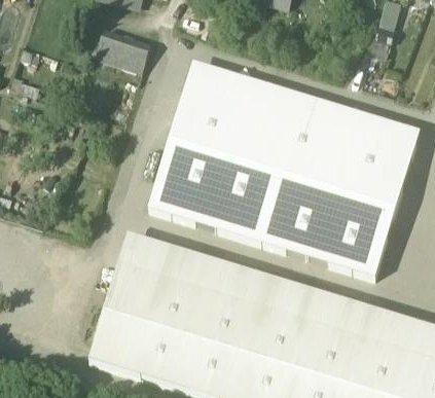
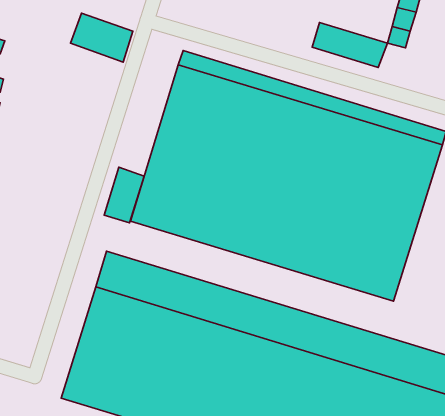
building: none -> [312,23,387,68]
building: none -> [104,167,144,223]

